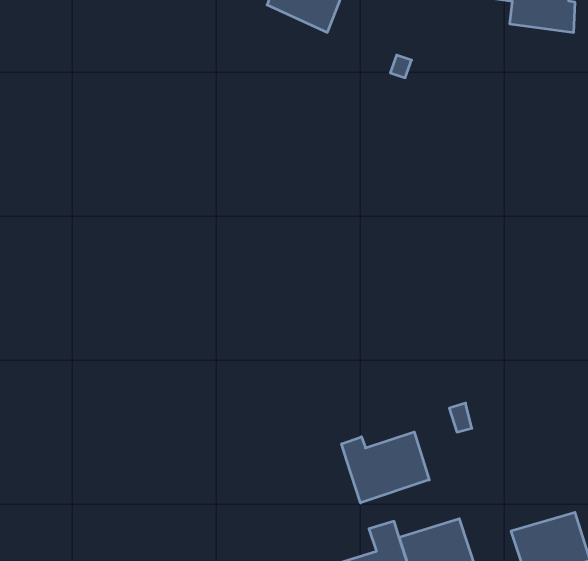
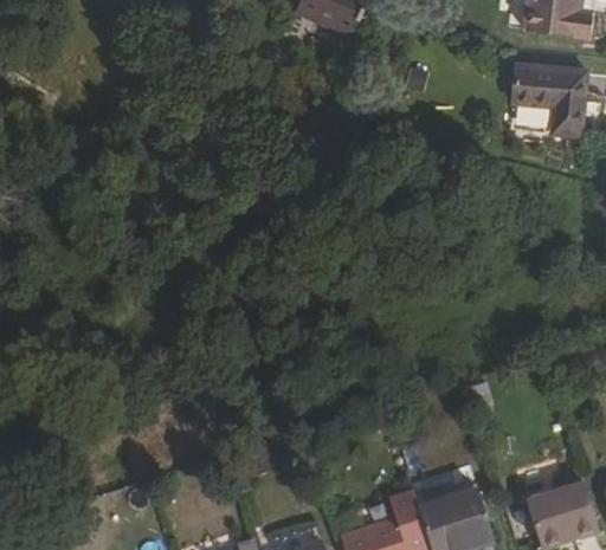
building: none -> [511,59,582,132]
building: [342,432,429,503] -> none

